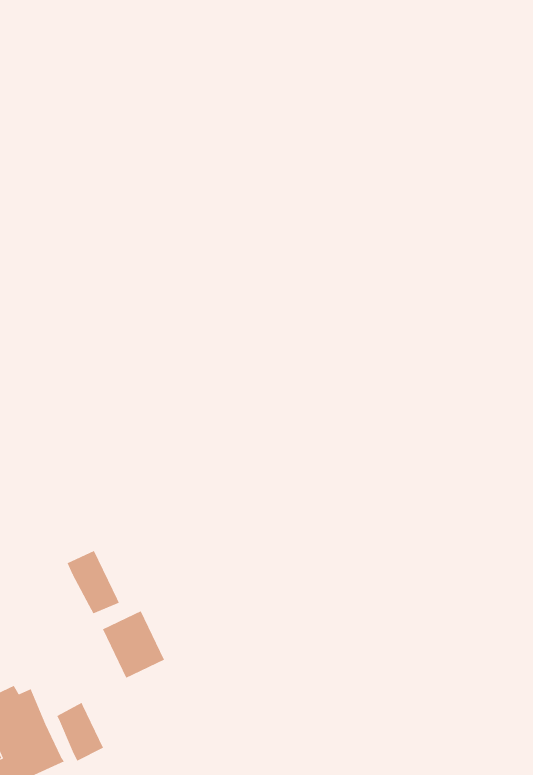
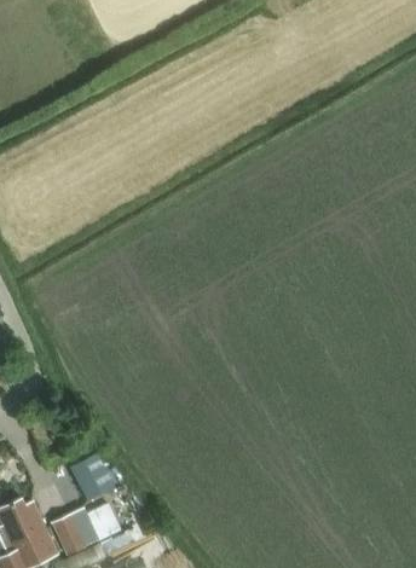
building: [67,550,120,614] -> none
building: none -> [67,503,119,546]

